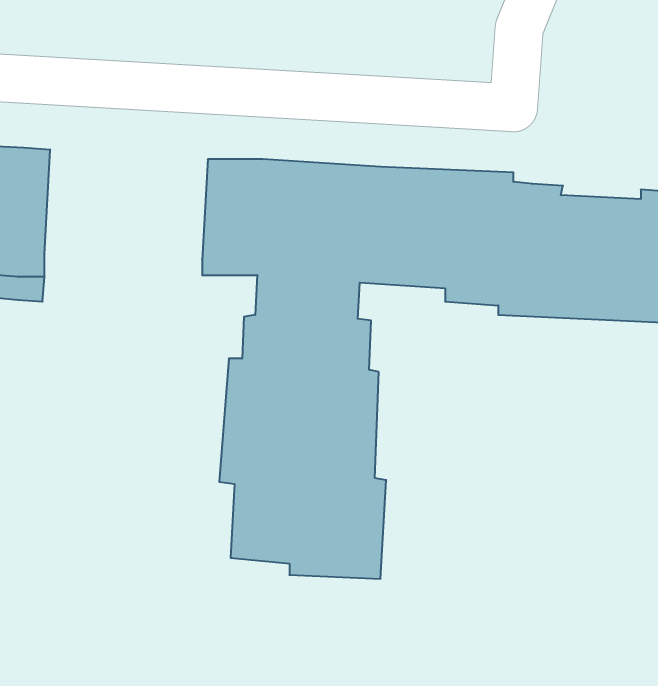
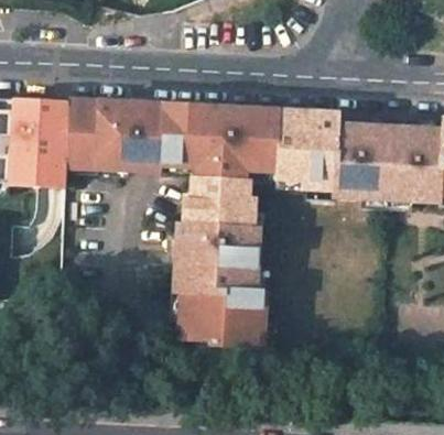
building: none -> [68,98,163,162]

